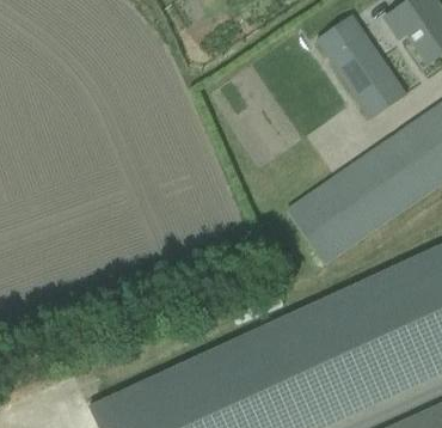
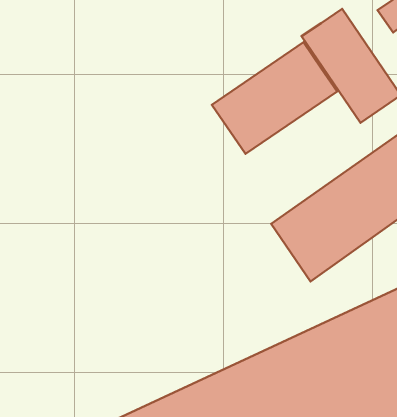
building: none -> [212,42,337,154]

